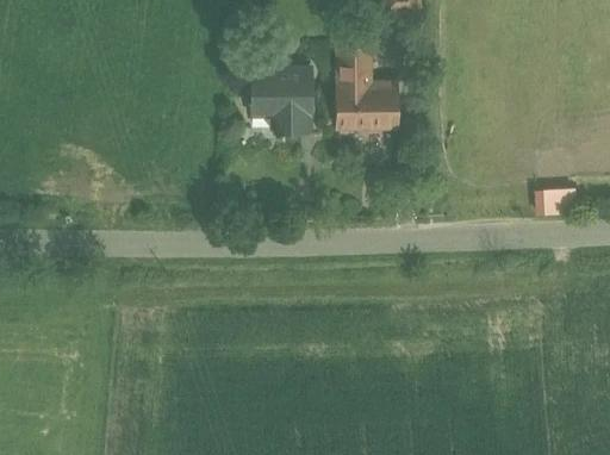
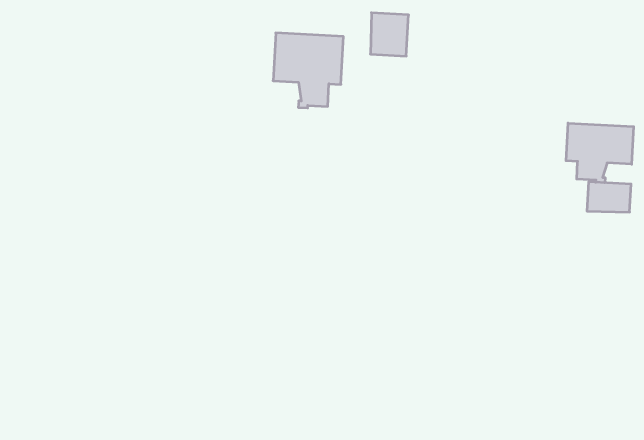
building: [338,86,398,129] -> none
building: none -> [566,123,634,183]

